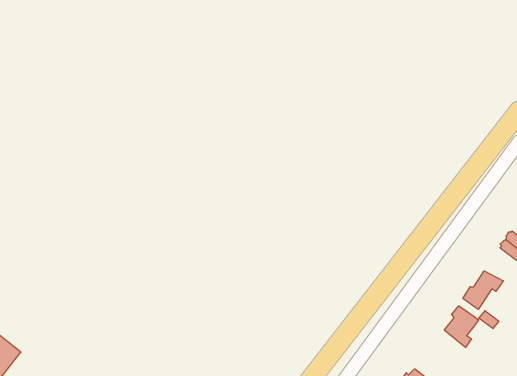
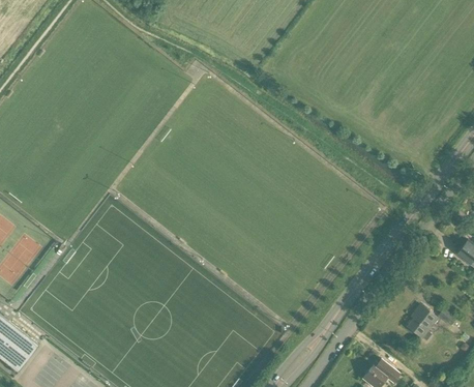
building: [463,271,503,309] -> none

